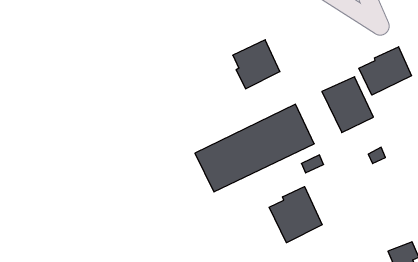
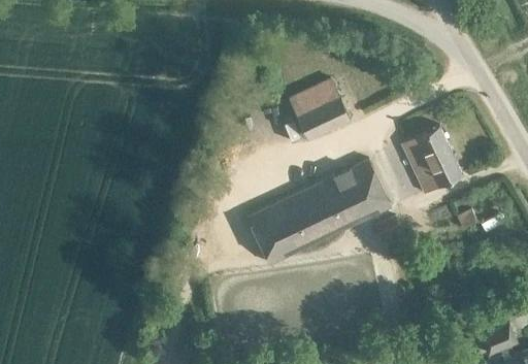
building: [359,47,411,95] -> none
building: [269,187,322,243] -> none

